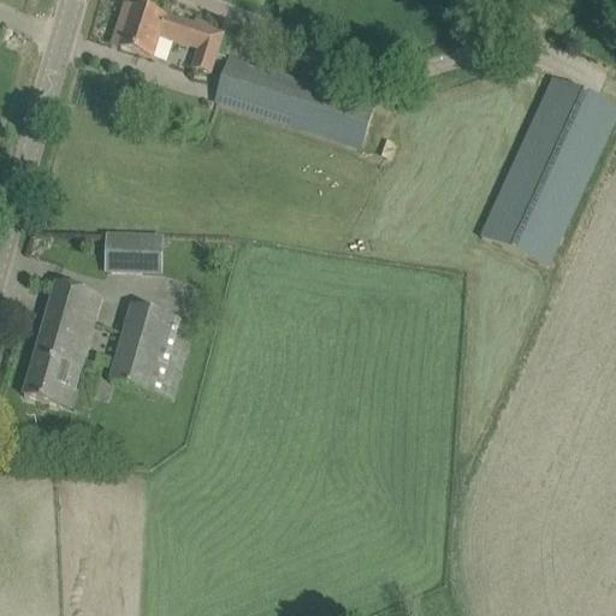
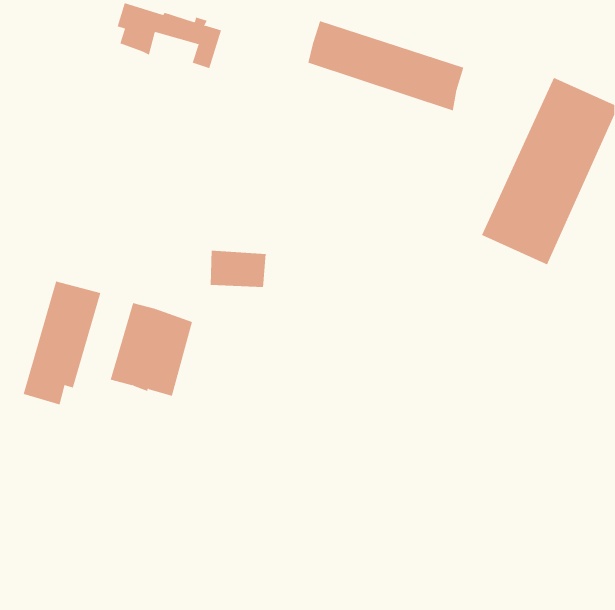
building: [217,55,373,146] -> [307,21,464,111]
building: [105,233,161,271] -> [210,250,266,288]

